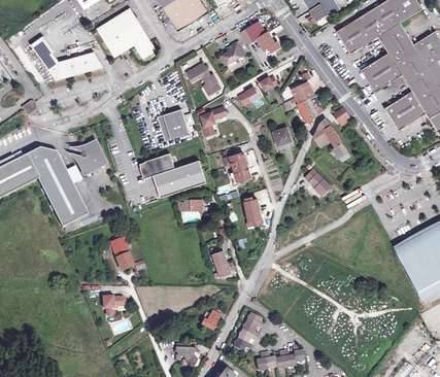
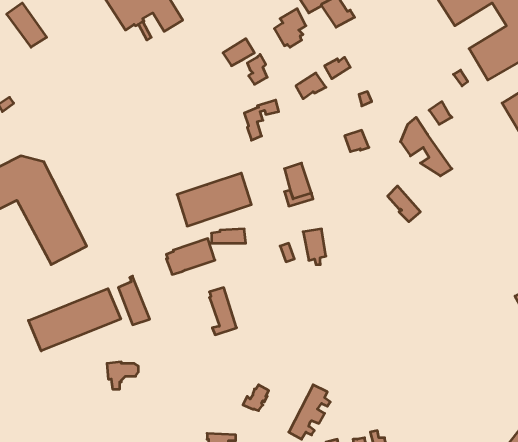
building: [47,50,103,80] -> none
building: [292,80,321,122] -> none
building: [156,108,189,140] -> none
building: [74,140,106,173] -> none
building: [139,151,174,177] -> [166,239,215,274]
building: none -> [28,289,121,351]
building: [210,243,230,277] -> [209,288,237,335]

